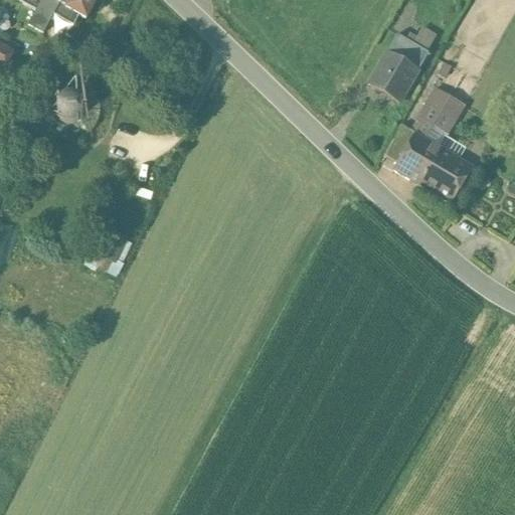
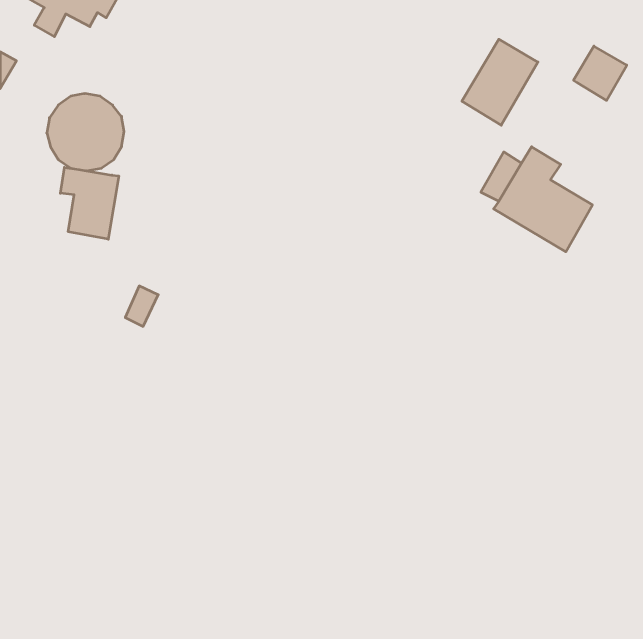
building: [422,88,465,131] -> [574,46,627,100]
building: none -> [60,167,119,239]

